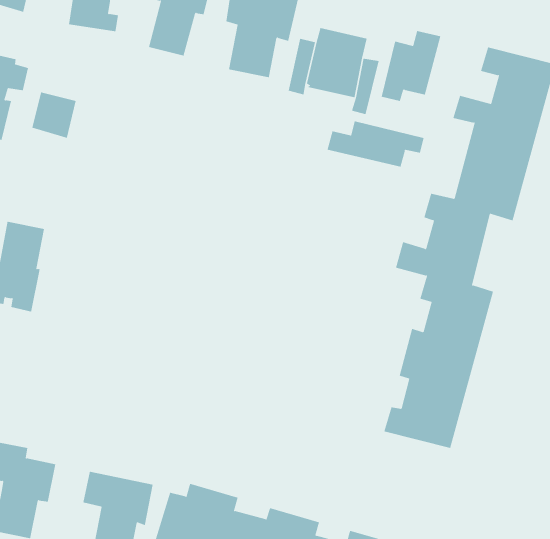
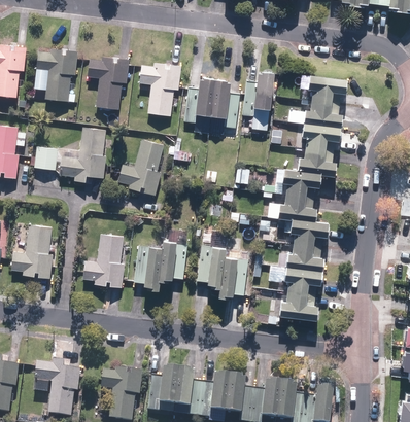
building: none -> [58,127,106,182]
building: none -> [116,140,162,196]
building: [327,120,424,167] -> none
building: none -> [82,234,124,287]
building: none -> [195,228,250,300]
building: none -> [133,240,186,290]

